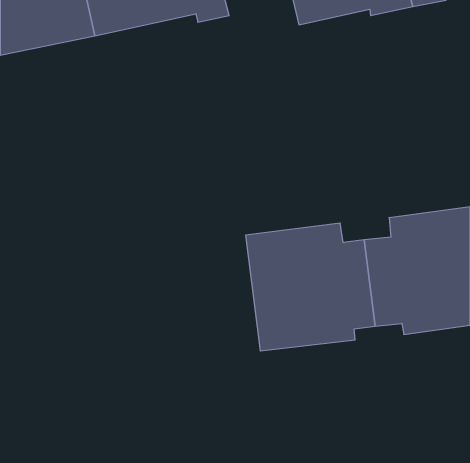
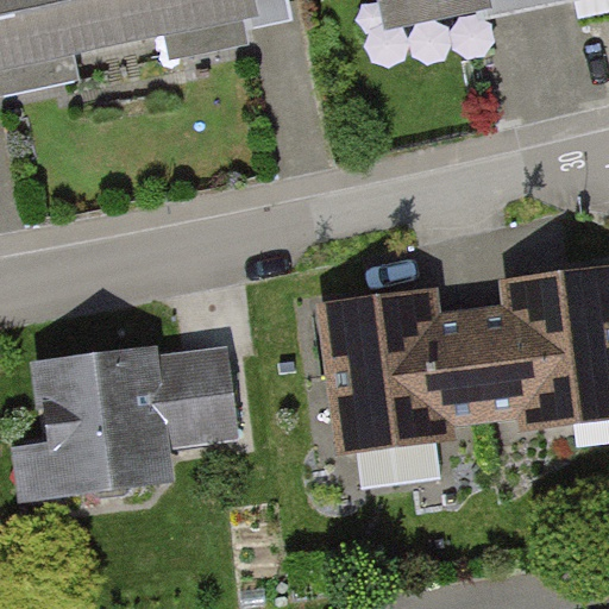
building: none -> [15,344,243,500]

